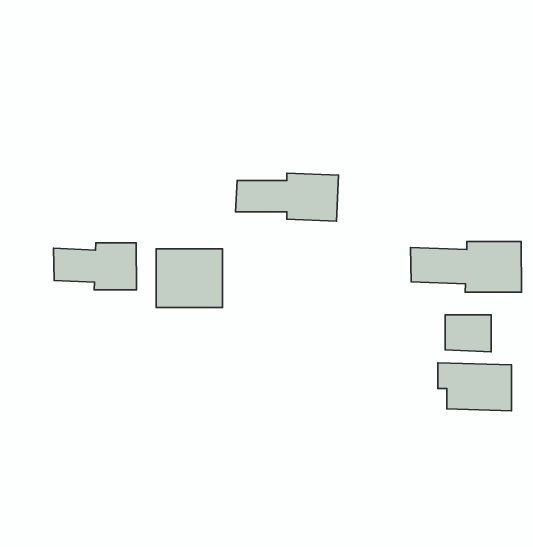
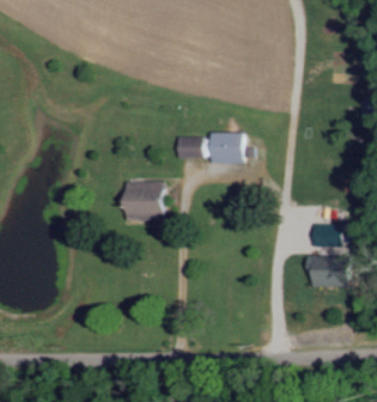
building: [410,241,521,292] -> none
building: [53,243,136,290] -> none

